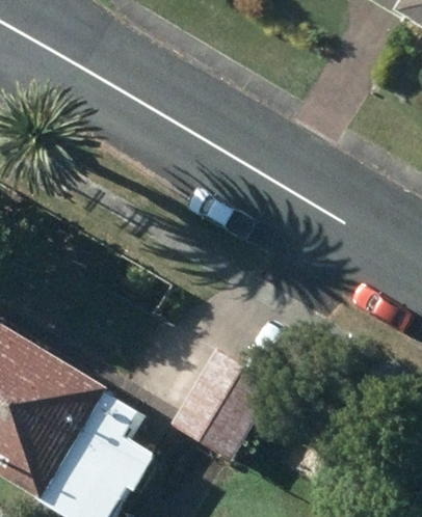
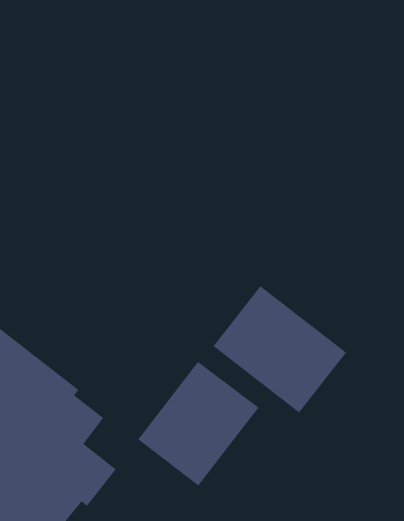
building: none -> [212,285,347,413]

